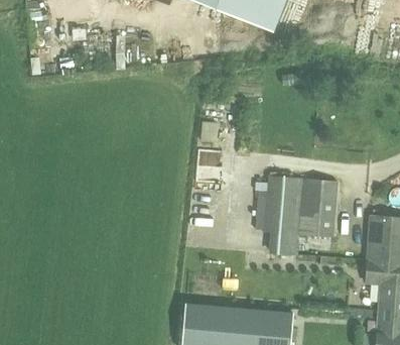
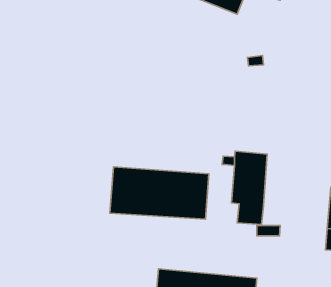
building: [299,181,338,238] -> none
building: none -> [110,167,209,219]

